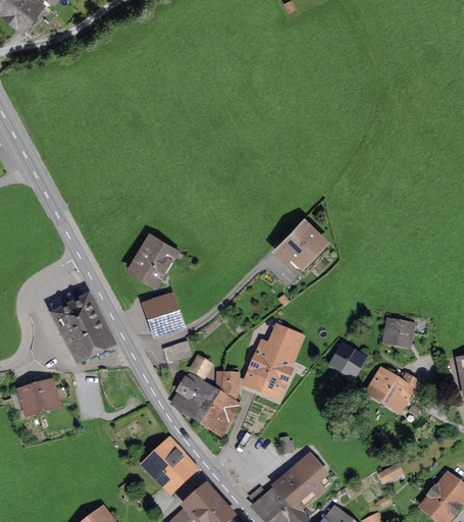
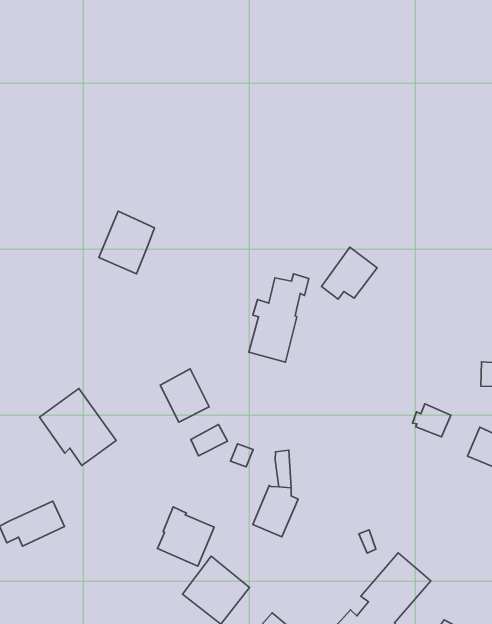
building: [130,232,174,281] -> [99,211,154,274]
building: [249,328,302,394] -> [249,274,309,362]
building: [172,373,217,420] -> [157,507,214,566]

